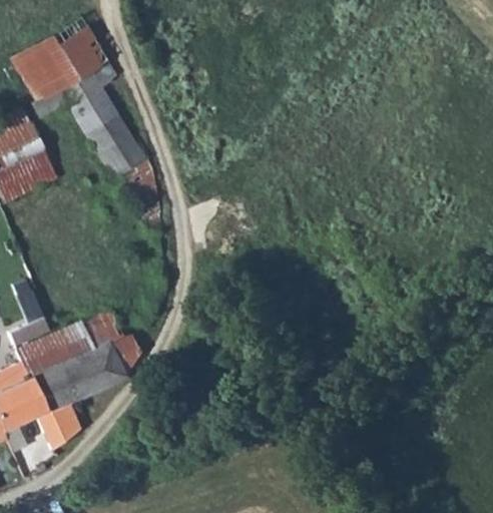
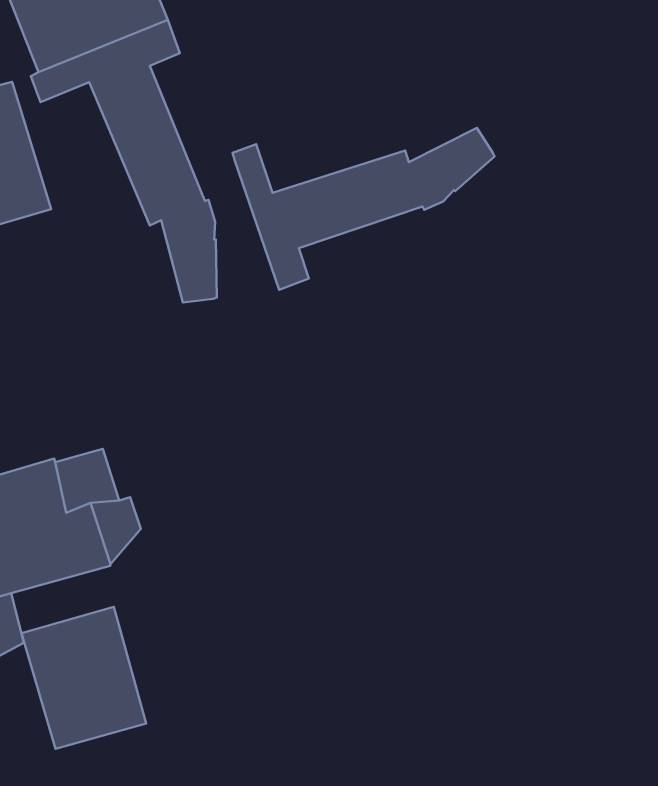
building: none -> [233,128,494,290]
building: none -> [22,607,146,749]

